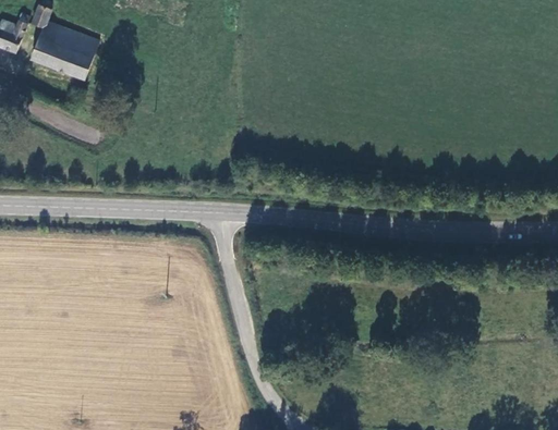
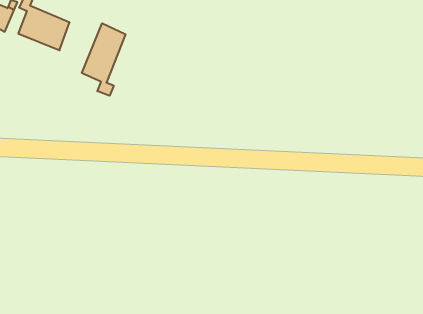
building: none -> [82,23,126,96]

